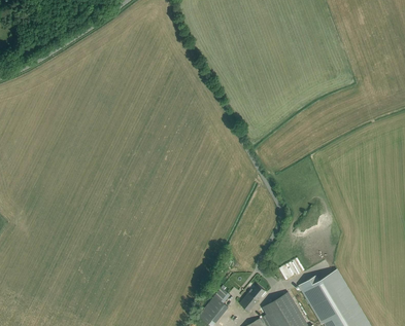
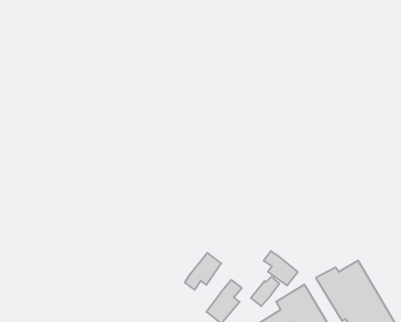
building: none -> [264,251,298,285]
building: none -> [185,253,221,290]

